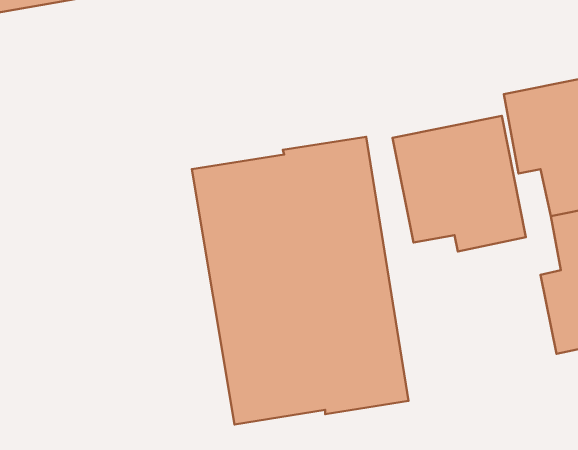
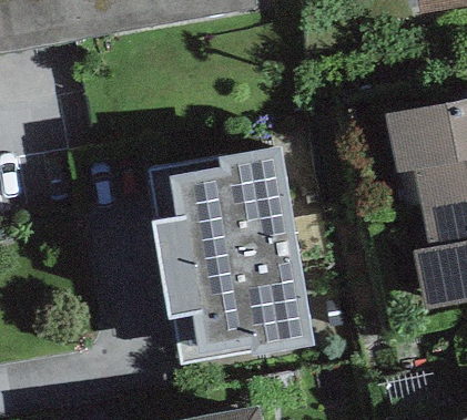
building: [393,116,526,252] -> none

